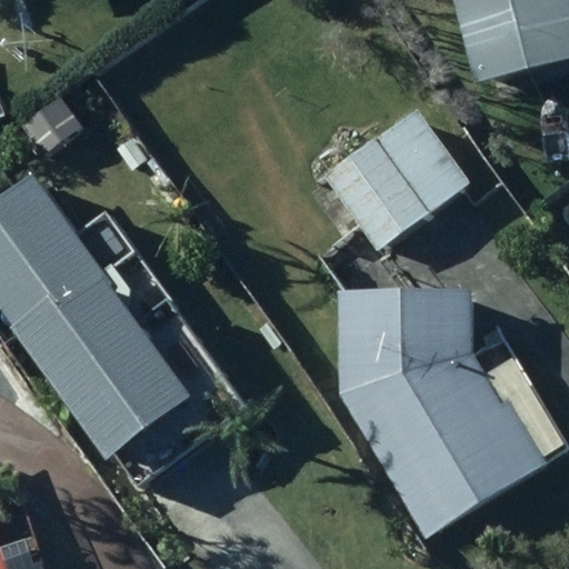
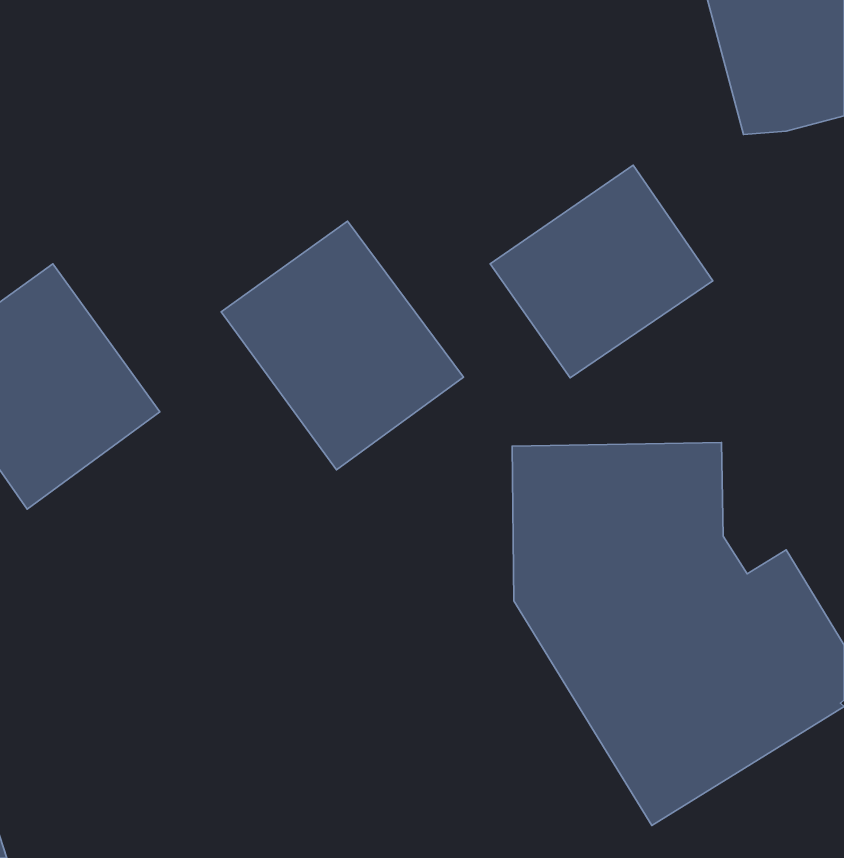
building: none -> [221,221,463,470]
building: [18,262,198,460] -> none

